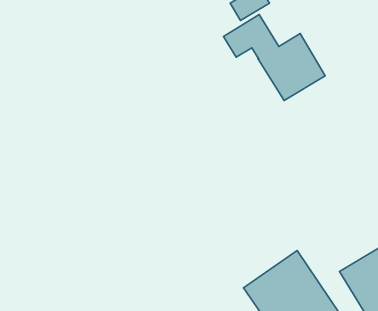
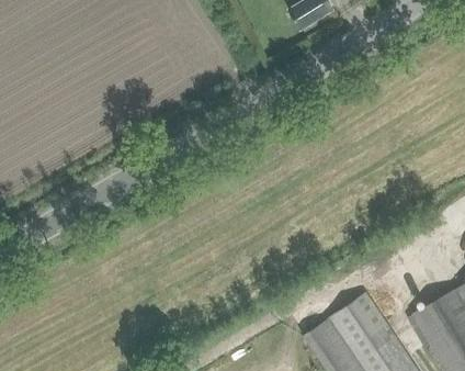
building: [224,15,325,100] -> none

